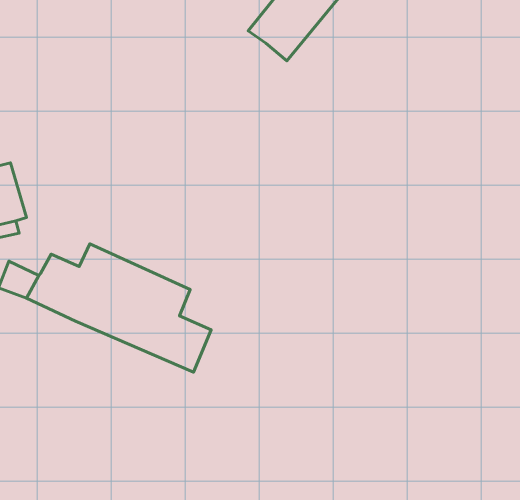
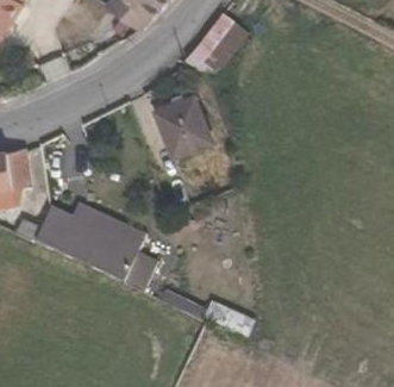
building: none -> [154,98,209,158]

